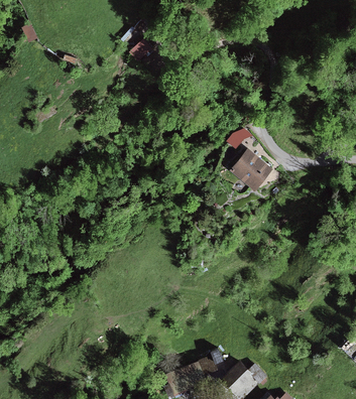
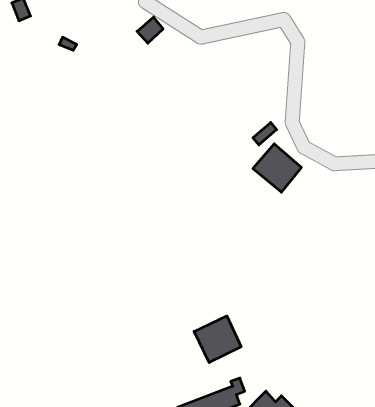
building: none -> [194,316,241,363]

